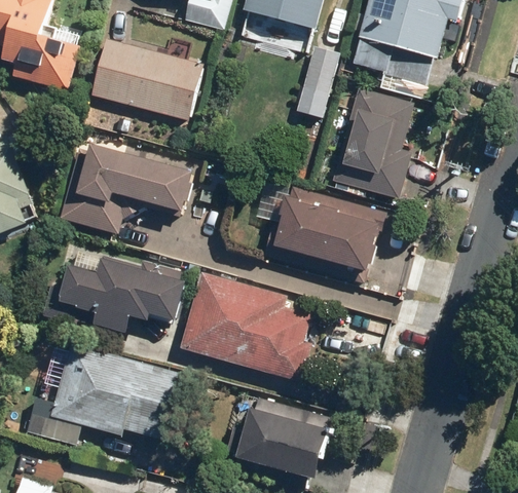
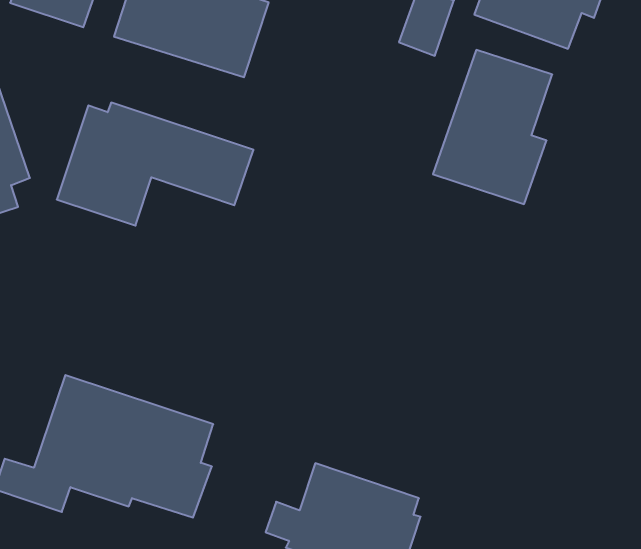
building: [260,186,388,272] -> none
building: [37,259,190,336] -> none
building: [178,272,312,381] -> none

